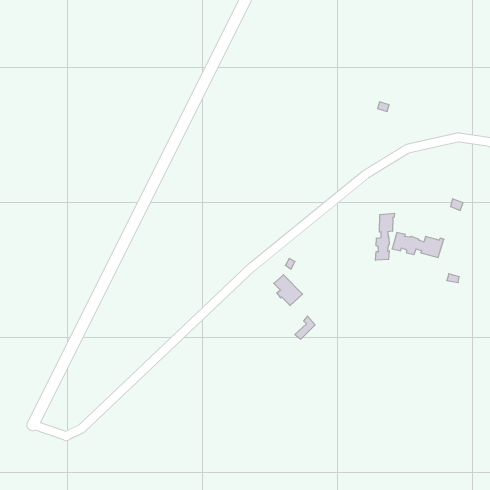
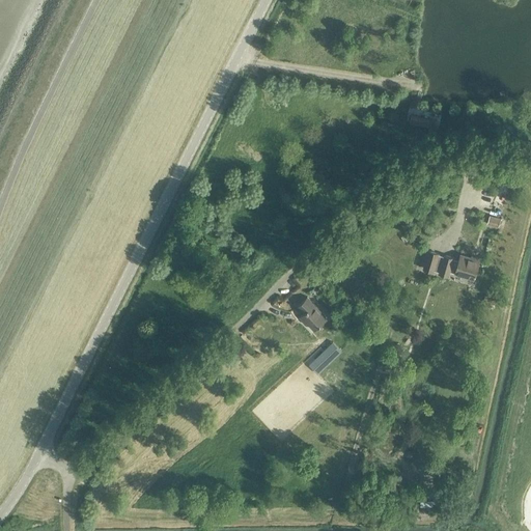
building: [376,213,394,260] -> none

